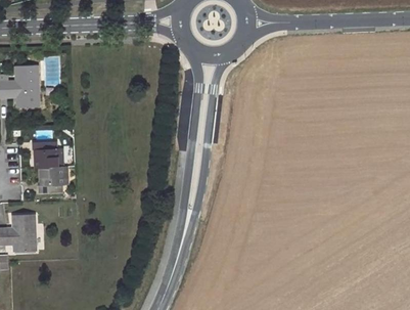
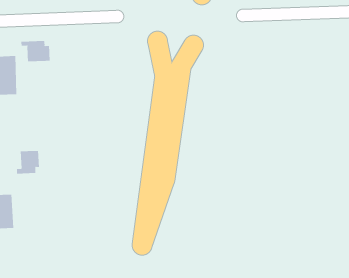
building: none -> [21,40,50,62]
building: [33,141,58,168] -> none

